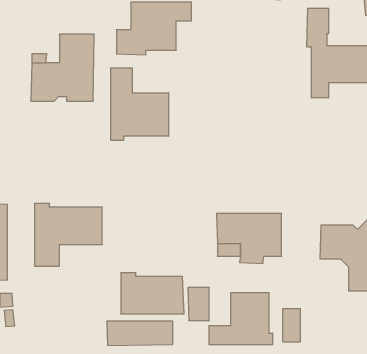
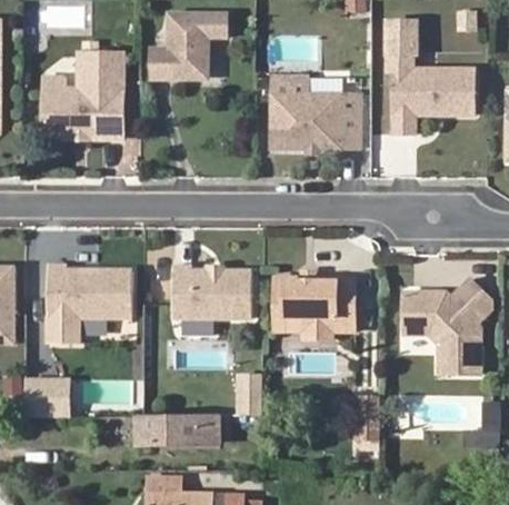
building: none -> [271,76,359,148]
building: [111,68,169,140] -> none
building: [121,273,184,314] -> [172,267,251,318]
building: [209,293,273,345] -> none
building: none -> [24,377,60,414]

